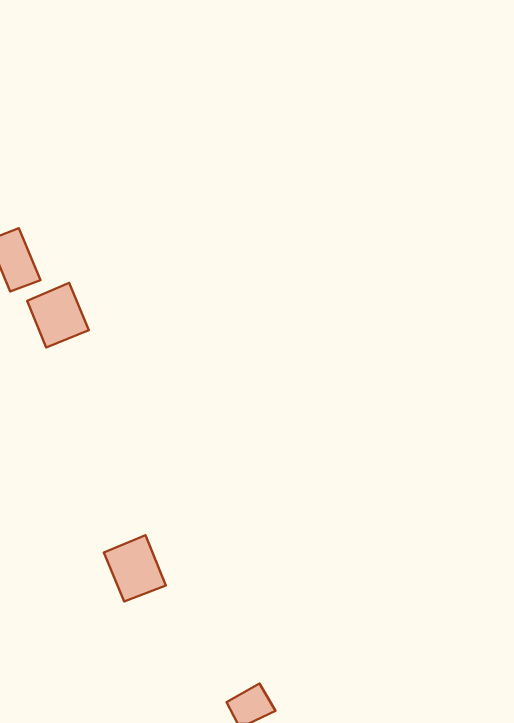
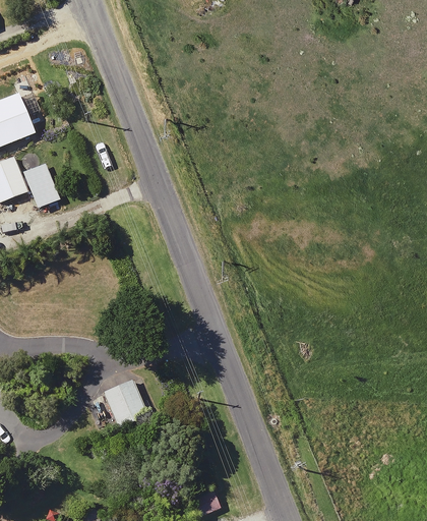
building: [27,283,89,348] -> none

